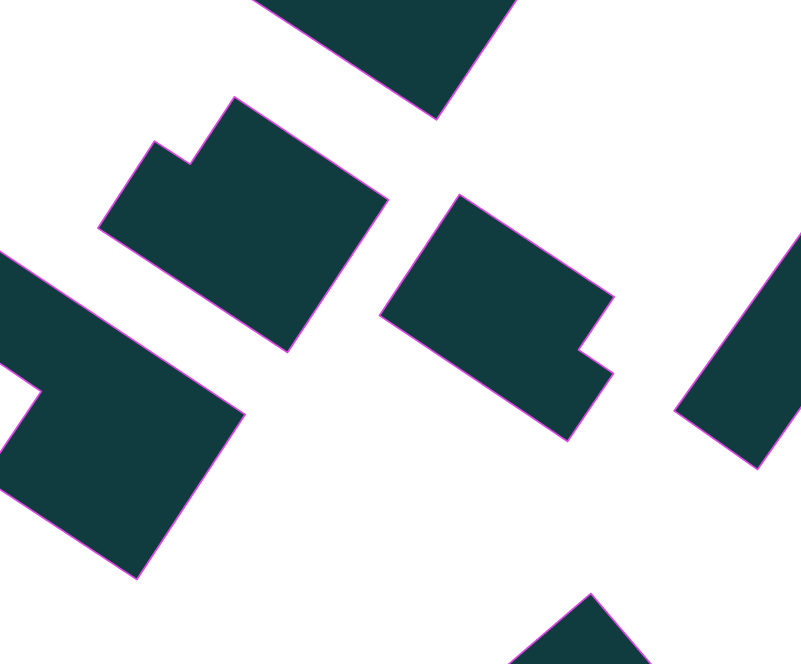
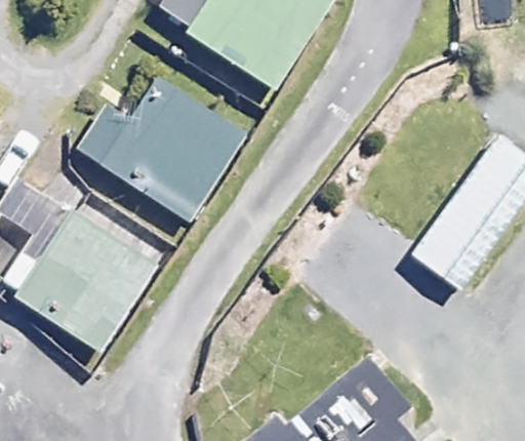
building: [379,195,614,442] -> none

